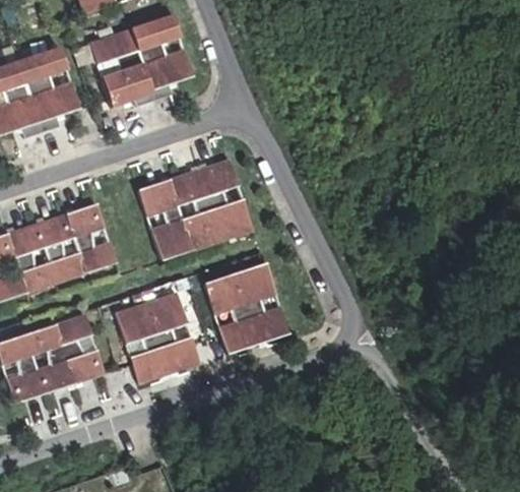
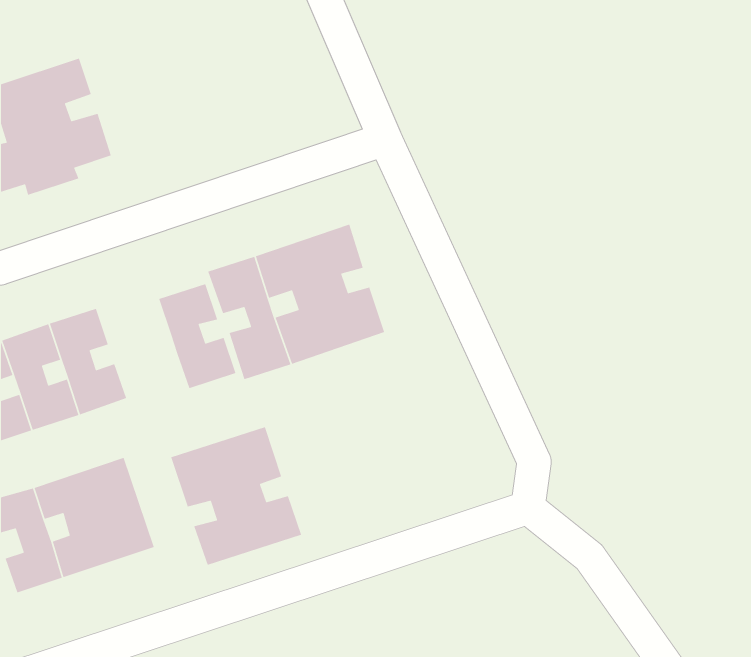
building: [81,15,185,111] -> none
building: [65,203,117,273] -> [158,283,236,389]
building: [204,261,290,355] -> none

